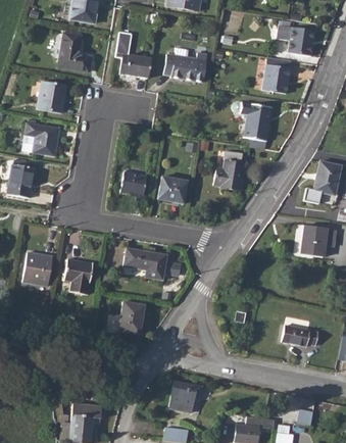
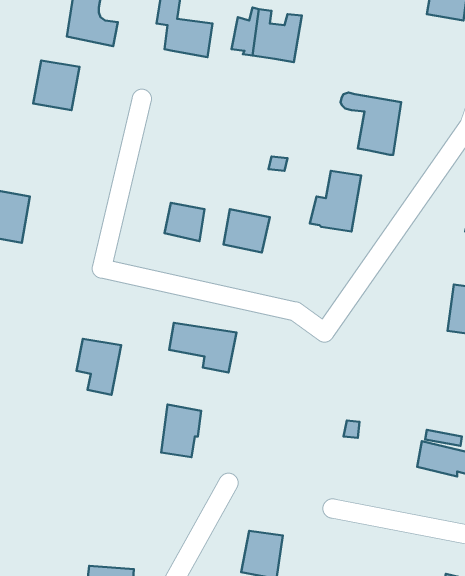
building: [262,56,292,93] -> none
building: [21,118,59,155] -> none
building: [22,251,53,285] -> none

